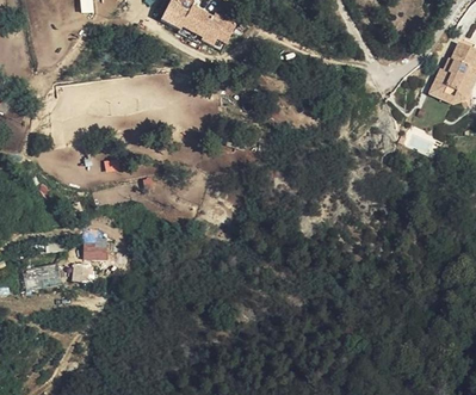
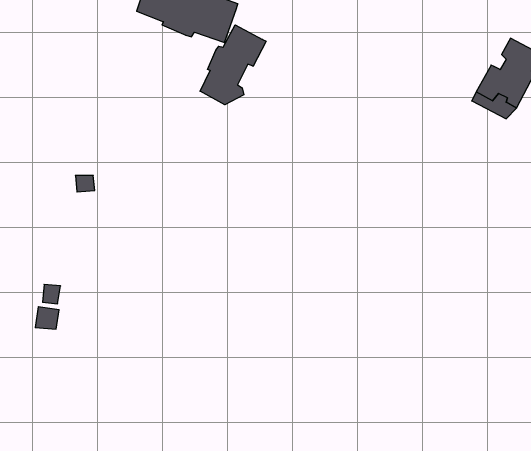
building: none -> [200,25,266,105]

